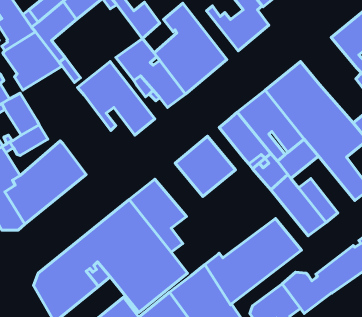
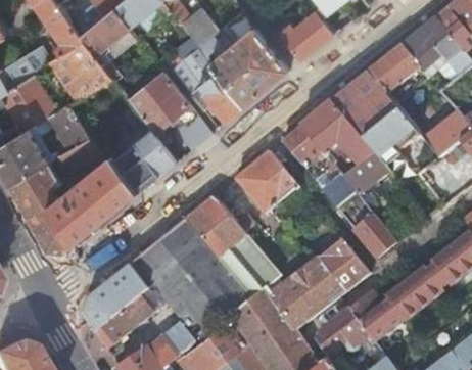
building: none -> [367,46,427,99]
building: none -> [113,128,177,192]
building: none -> [229,237,279,300]

